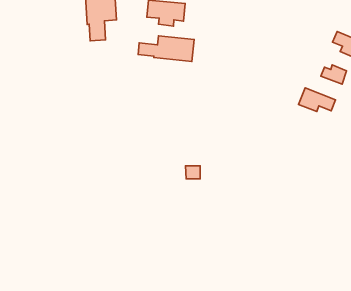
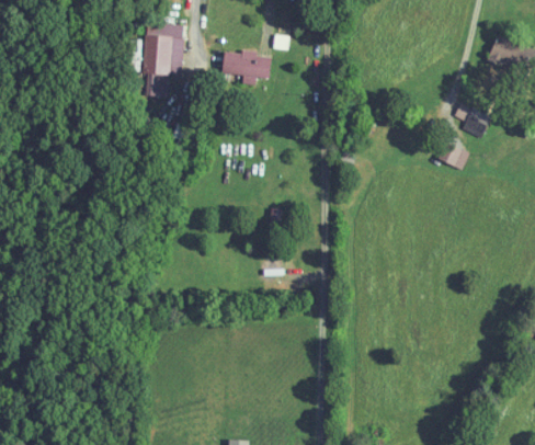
building: [138,36,194,61] -> none
building: [299,88,335,111] -> none

